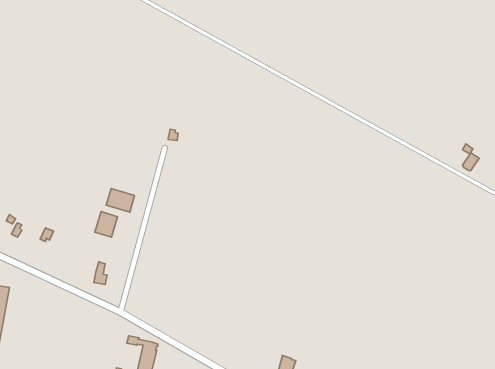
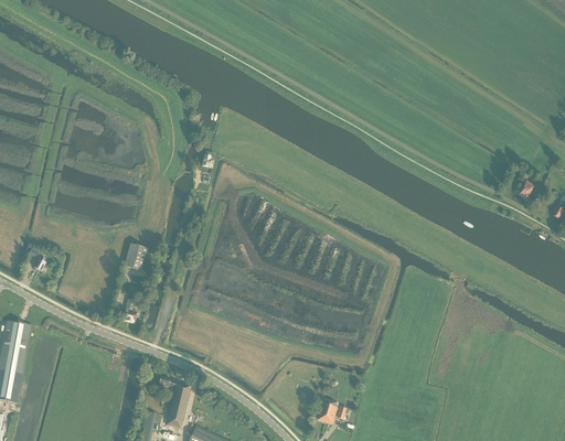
building: [106,189,135,212] -> none

